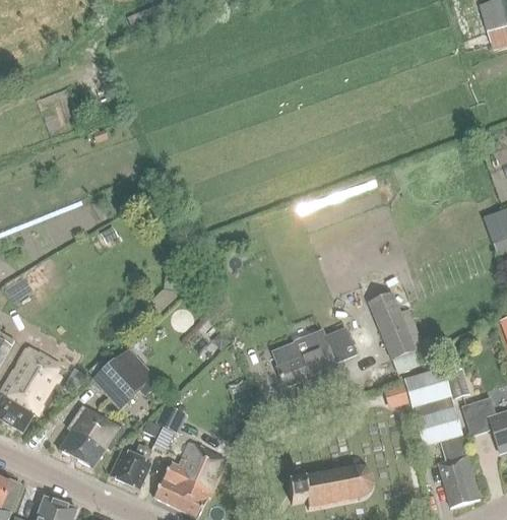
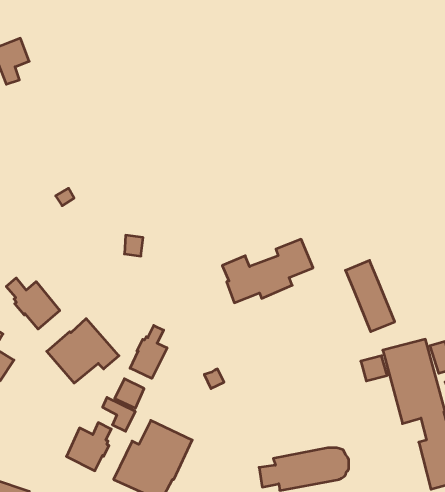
building: none -> [6,278,60,329]
building: [272,327,357,386] -> [222,239,313,303]
building: none -> [130,325,167,378]
building: [61,404,123,467] -> none

